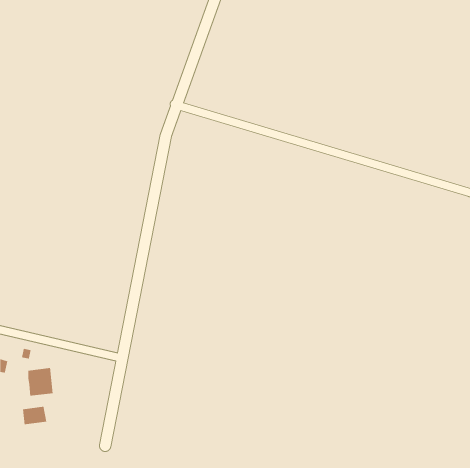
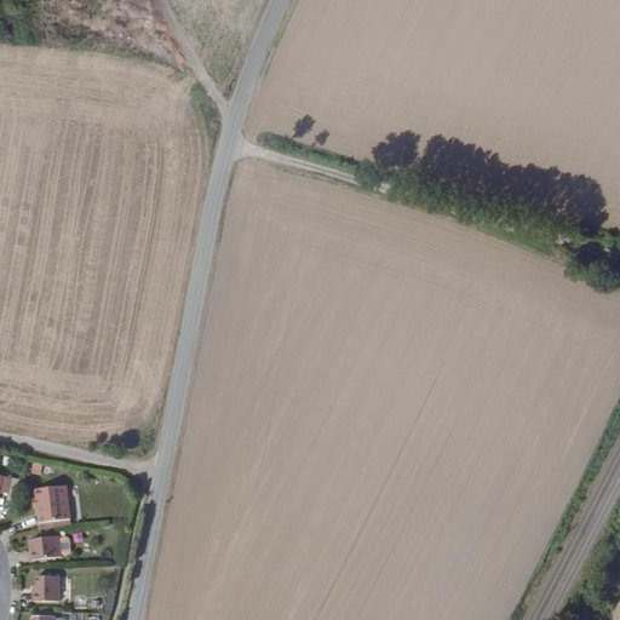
building: none -> [31,574,58,599]

